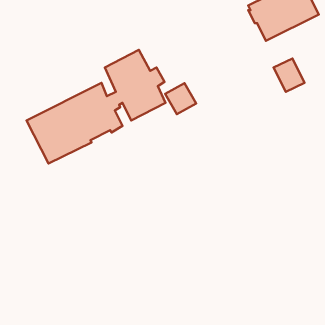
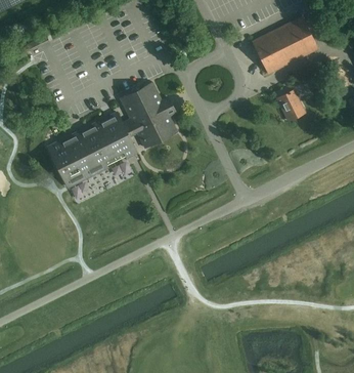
building: [165,83,196,114] -> none

